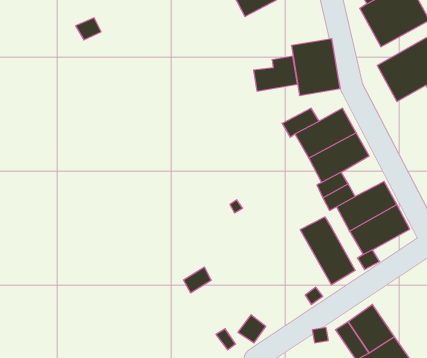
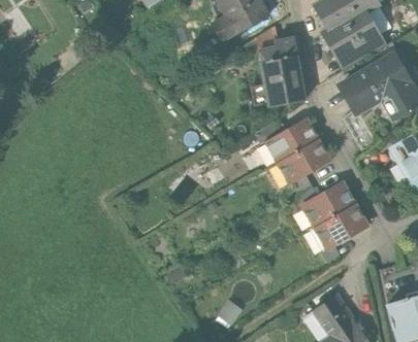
building: [254,56,298,91] -> [259,32,298,63]
building: [300,217,355,285] -> none

